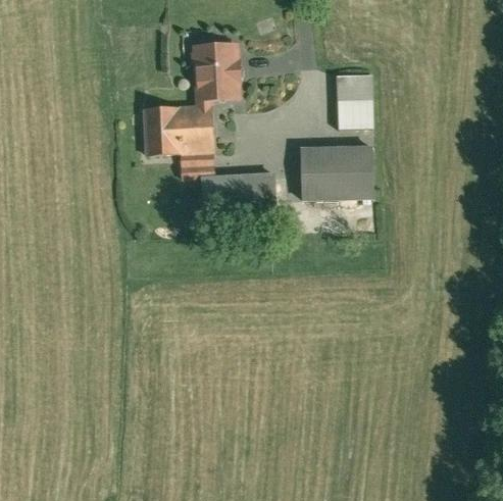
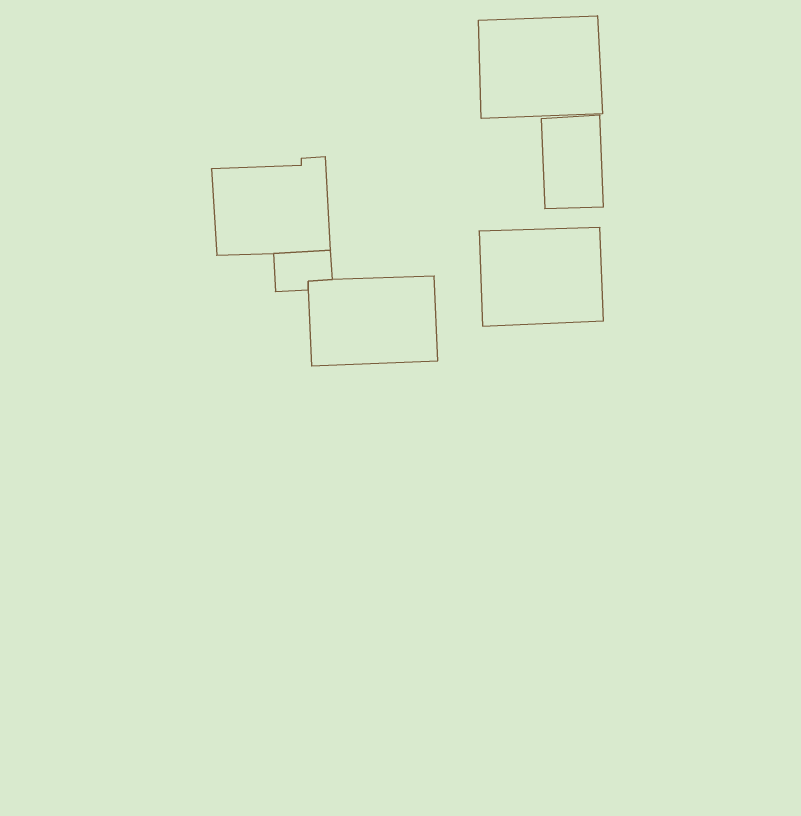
building: none -> [479,16,602,118]
building: [193,43,241,101] -> none

